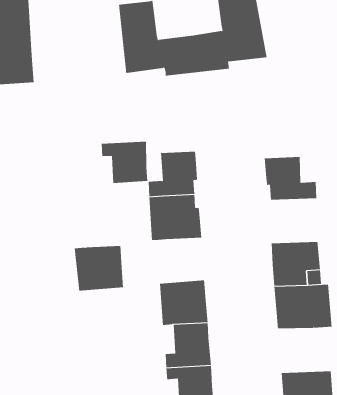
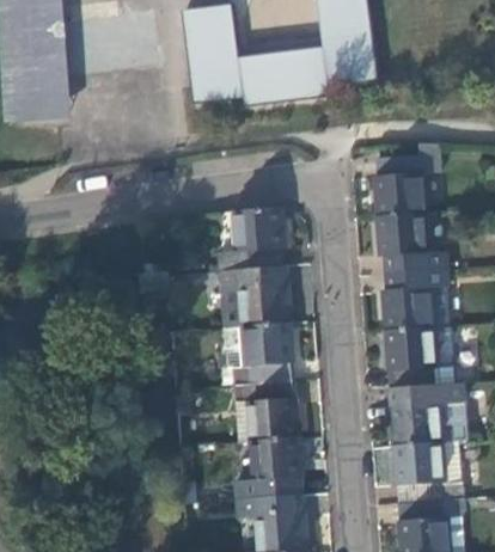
building: none -> [369,142,436,216]
building: [101,141,148,184] -> none
building: none -> [379,270,450,330]
building: [74,245,124,291] -> [227,323,294,384]
building: none -> [391,442,464,503]

